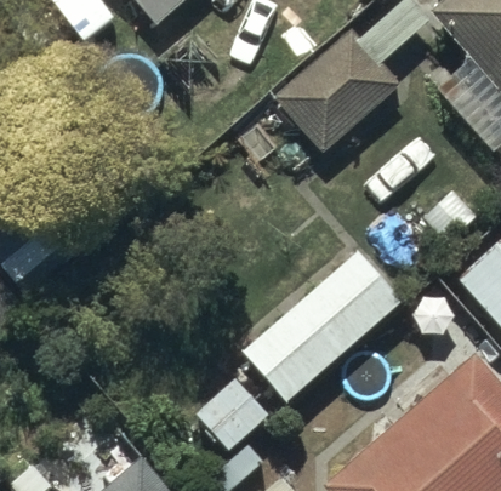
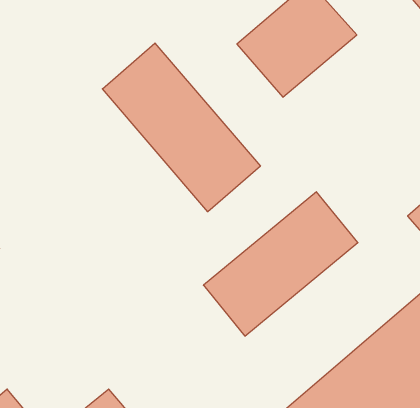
building: none -> [102,43,260,212]

